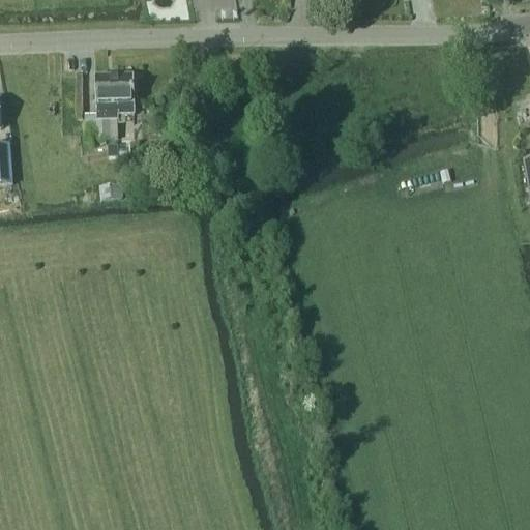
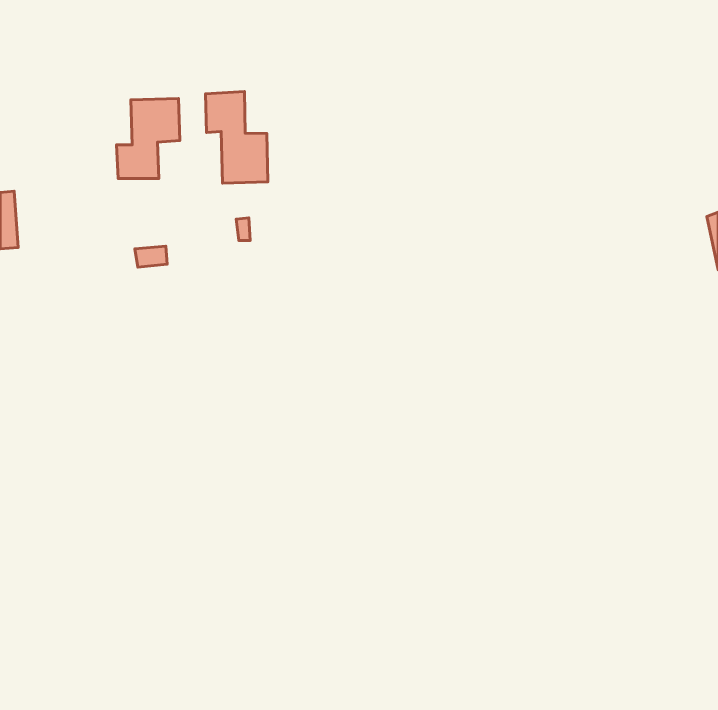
building: none -> [206,91,268,183]

